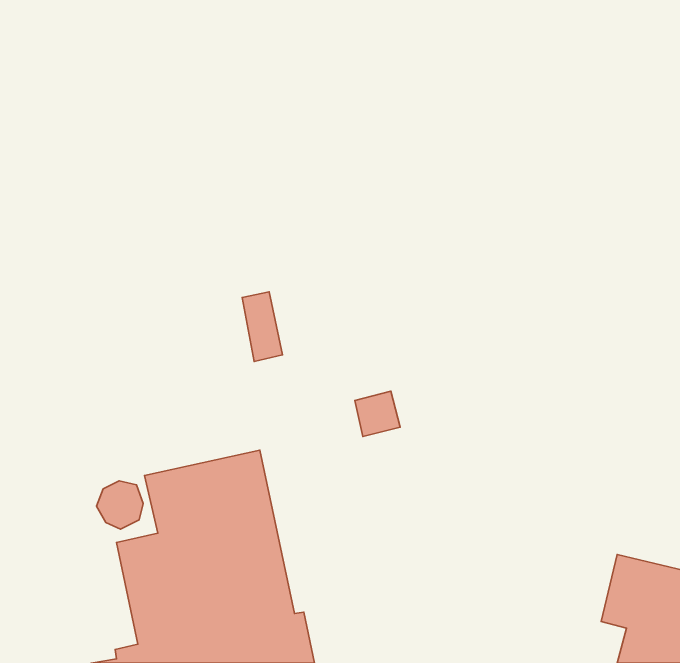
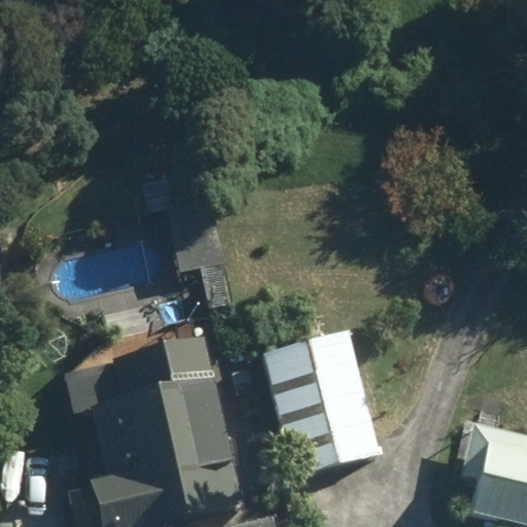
building: none -> [262,333,382,481]

